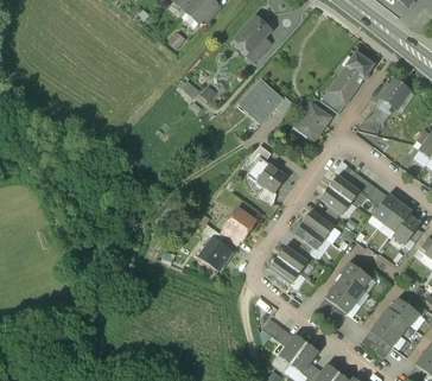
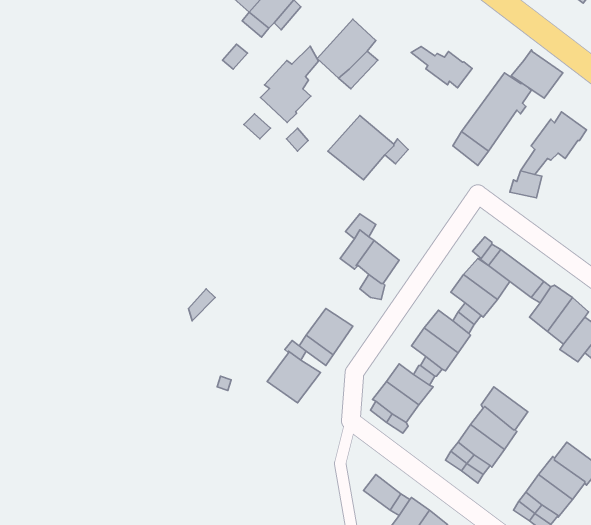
building: none -> [260,46,319,123]
building: none -> [411,46,472,88]
building: none -> [511,50,563,98]
building: [294,102,331,139] -> none

